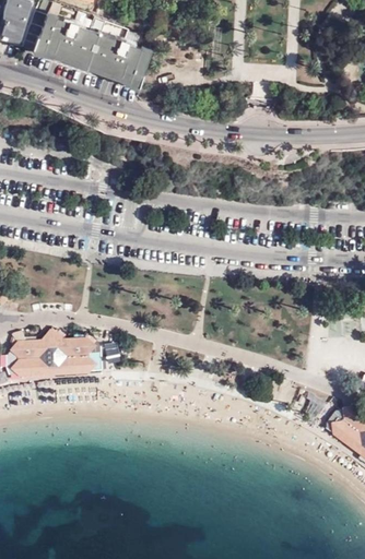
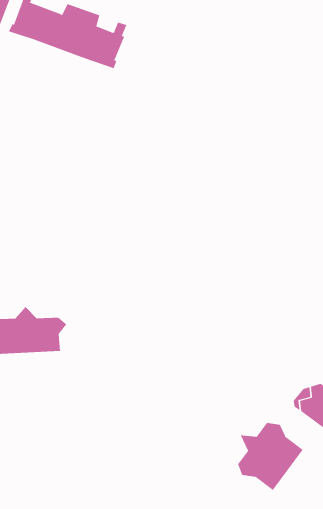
building: none -> [237,422,304,491]

